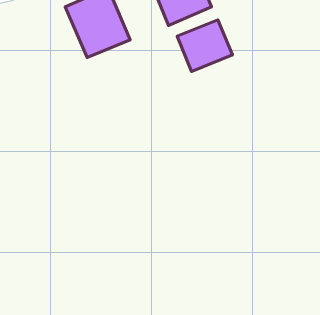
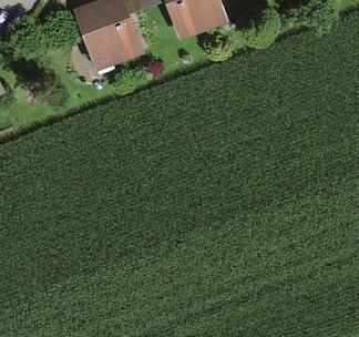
building: [177,20,232,72] -> none

